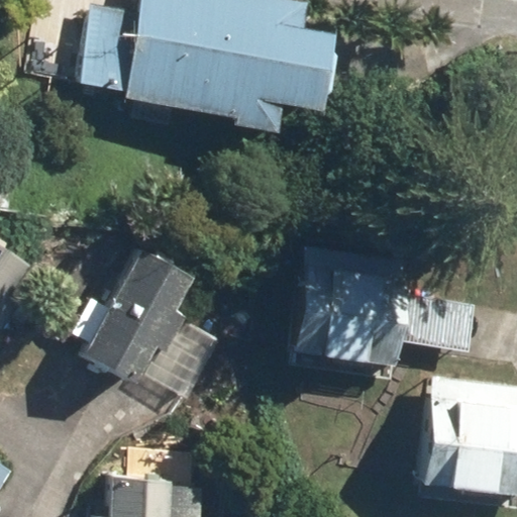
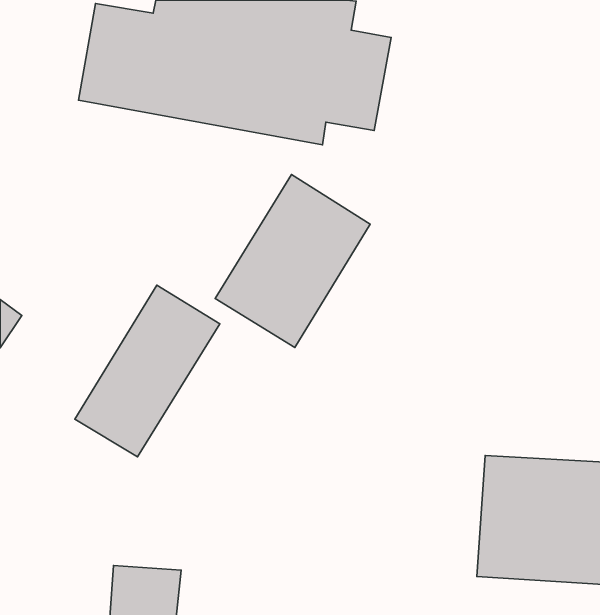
building: none -> [215,175,370,348]
building: [289,247,475,366] -> none

